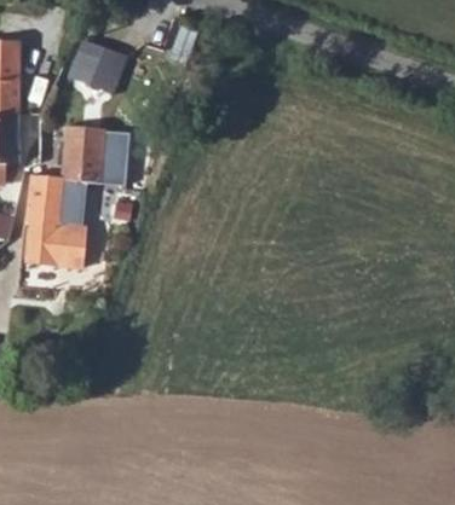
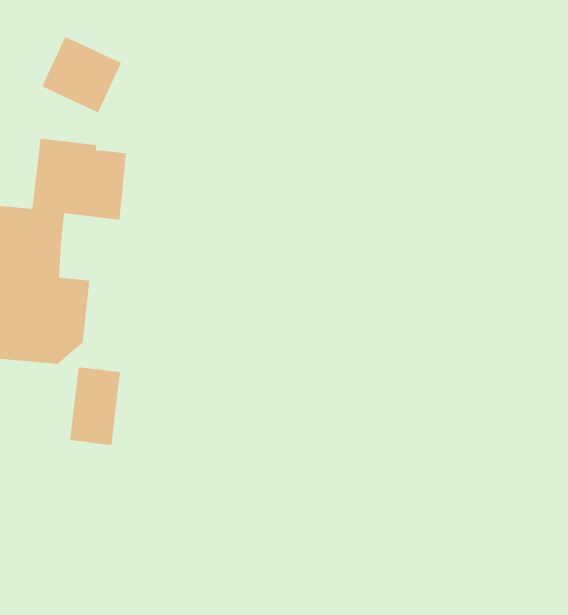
building: none -> [70,366,121,446]

